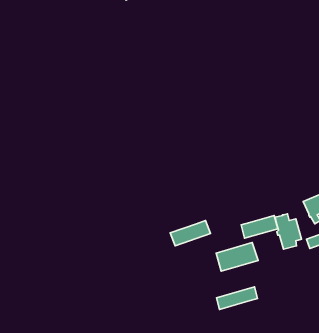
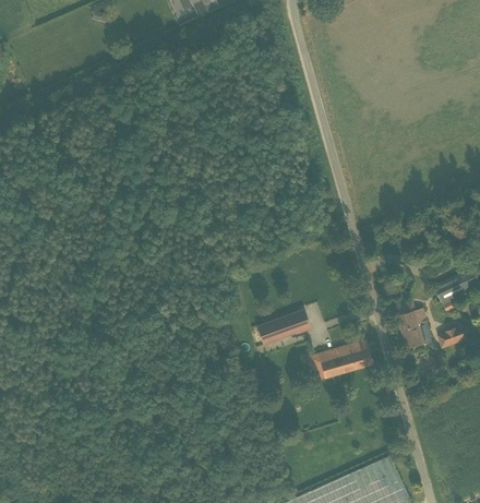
building: [241,215,278,238] -> none
building: [217,287,257,309] -> none

